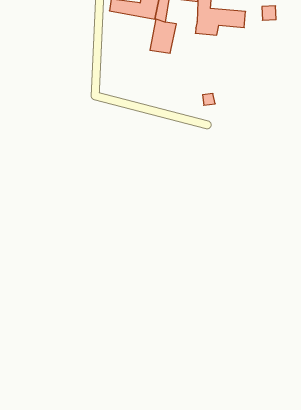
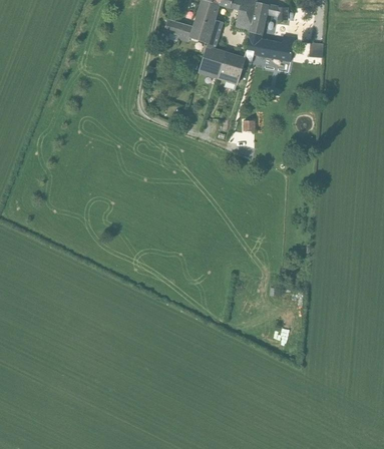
building: none -> [218,50,245,83]

